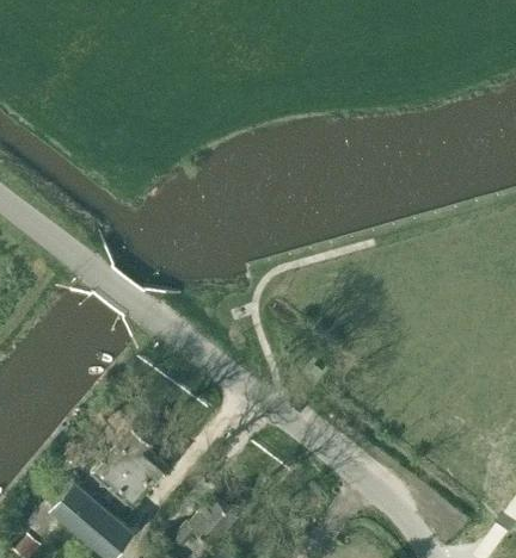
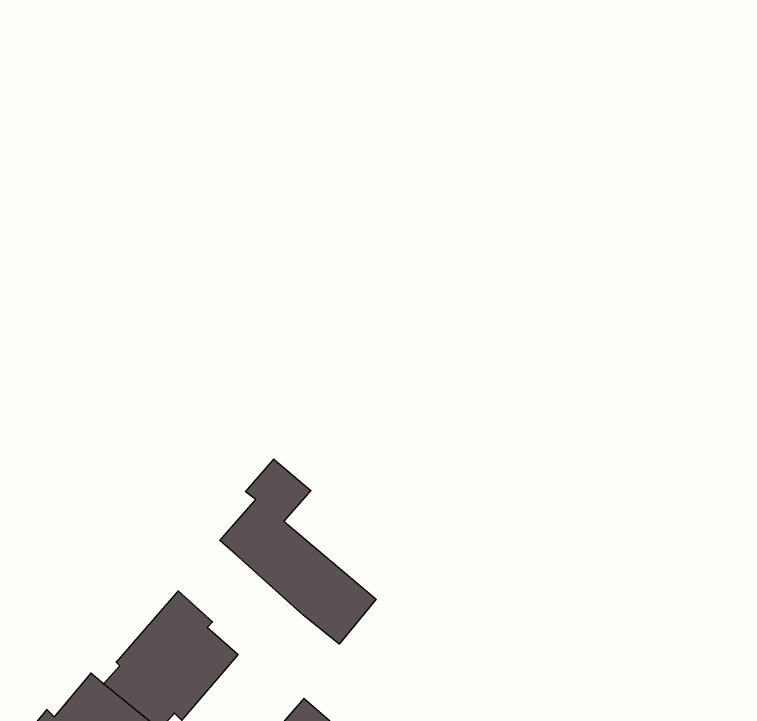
building: none -> [220,459,376,644]

